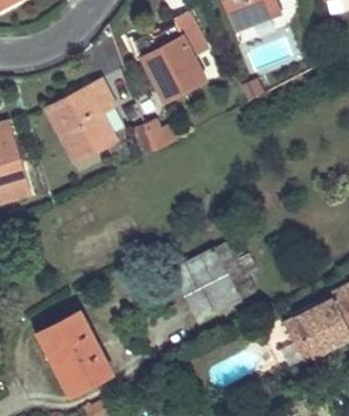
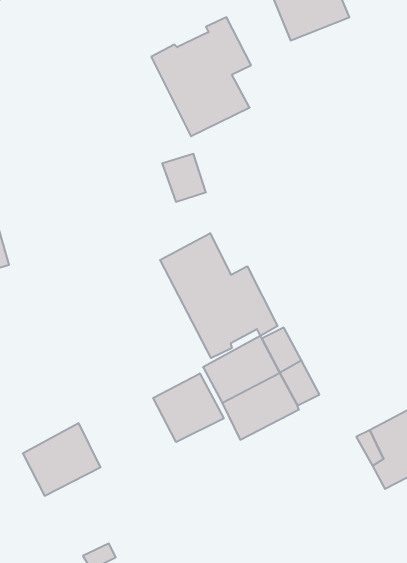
building: [45,79,117,164] -> none
building: none -> [160,233,278,358]
building: none -> [153,373,224,442]
building: [54,345,113,396] -> none

